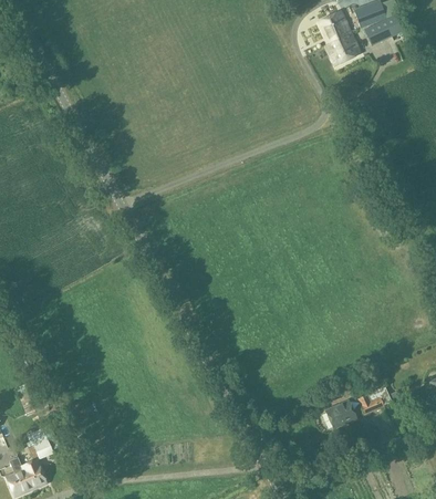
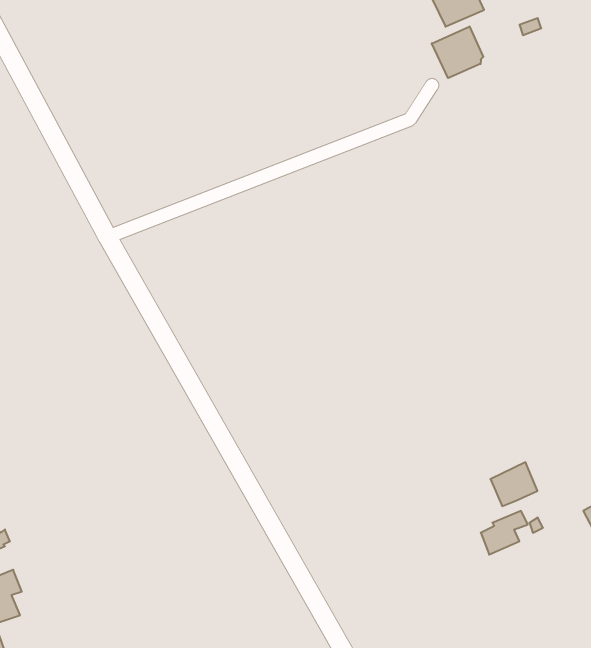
building: none -> [432,26,483,78]
building: [328,398,359,427] -> [490,462,537,506]

